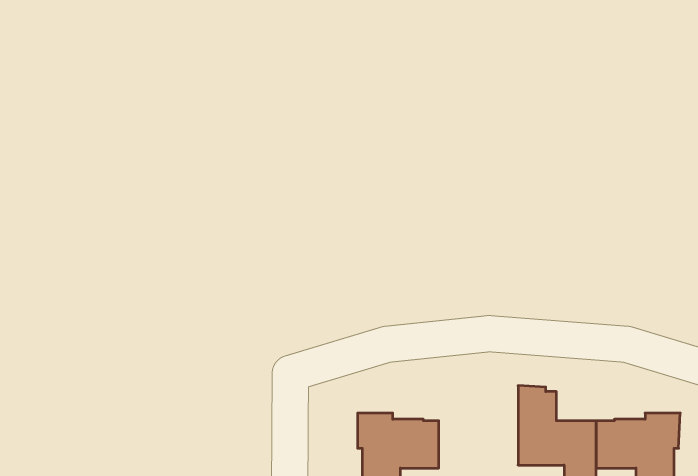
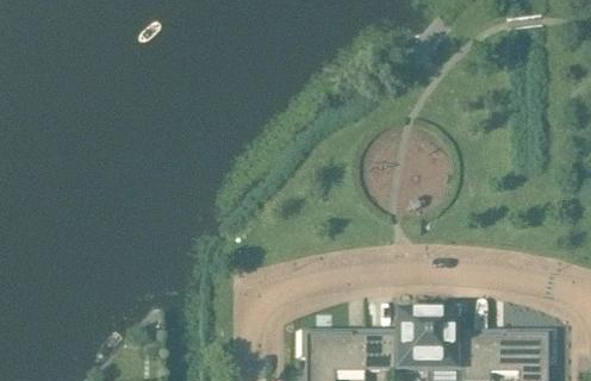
building: none -> [365,306,427,368]

